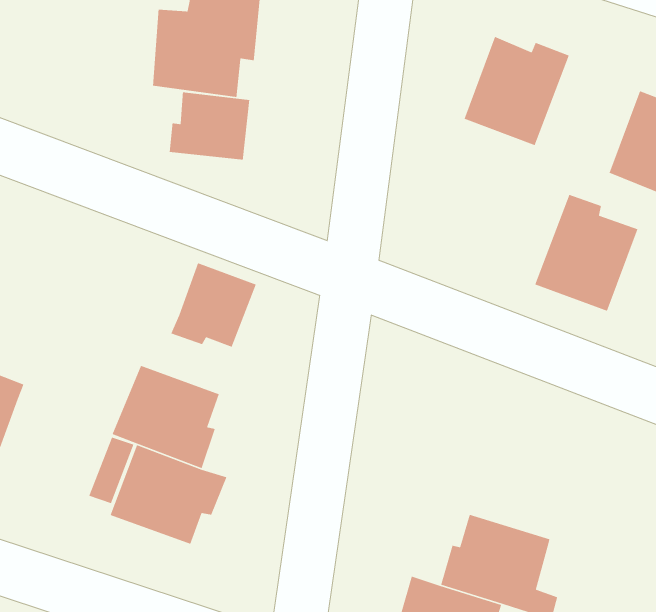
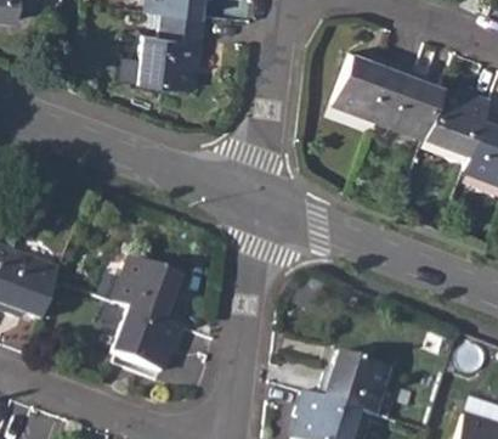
building: [169,91,250,160] -> none
building: [534,194,639,312] -> [379,64,445,139]
building: [170,262,257,348] -> none

